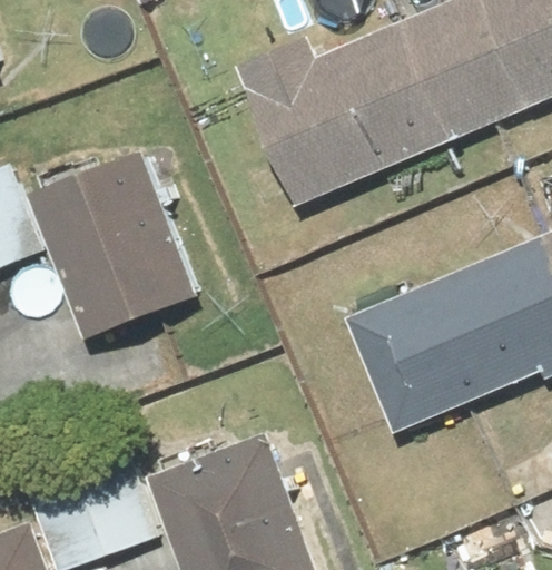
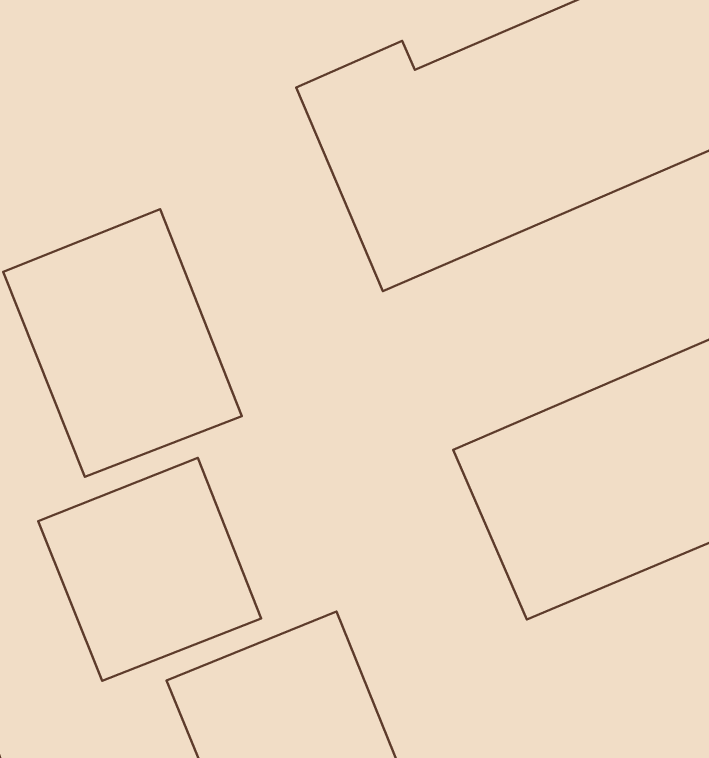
building: none -> [38,458,261,681]

